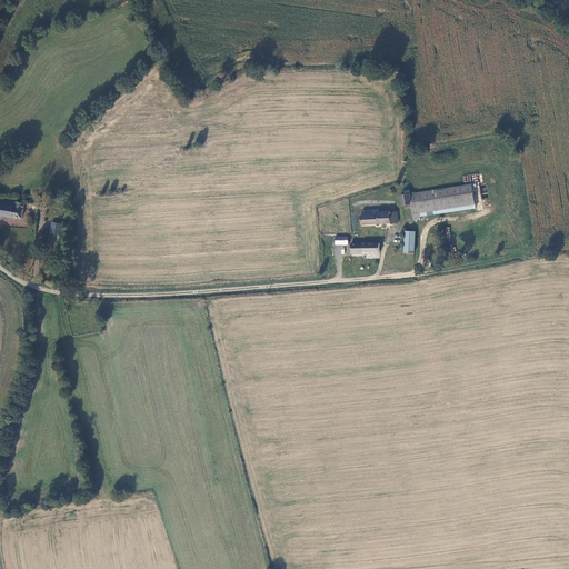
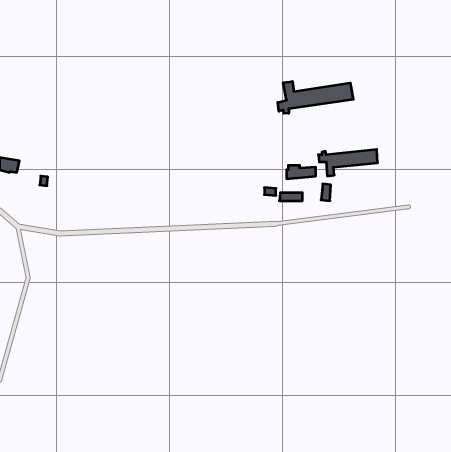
building: none -> [278,81,353,113]

